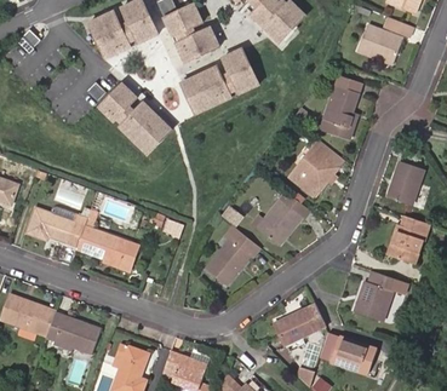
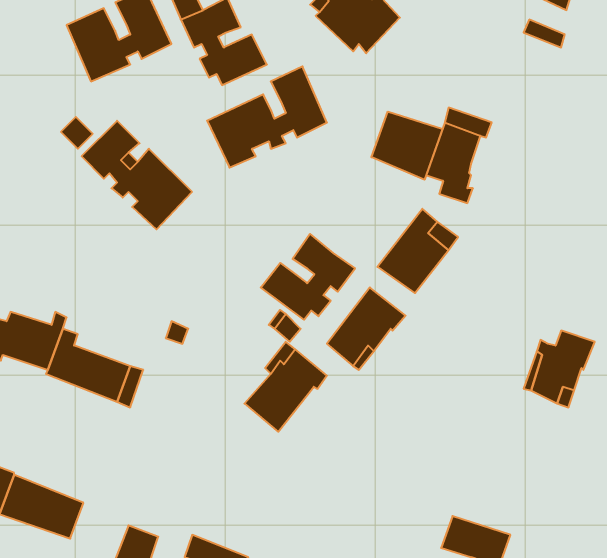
building: [355,27,397,65] -> none
building: none -> [371,112,443,180]
building: none -> [261,234,355,320]
building: [385,161,422,206] -> none
building: [354,270,392,322] -> none
building: [271,306,325,347] -> none

